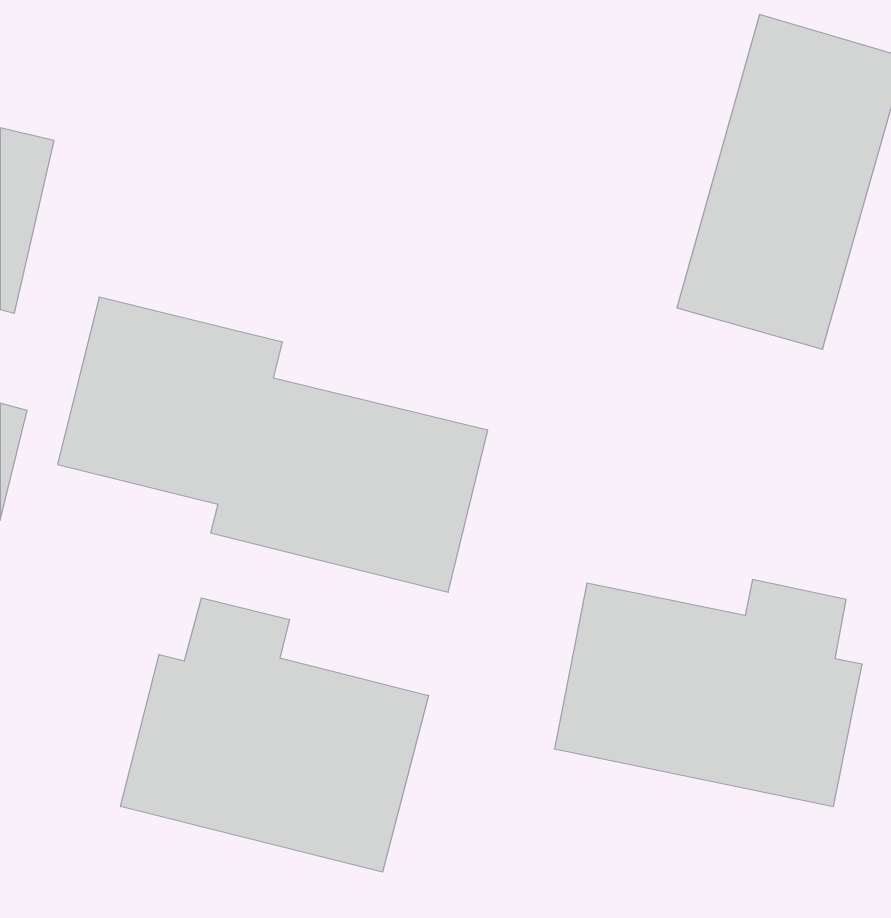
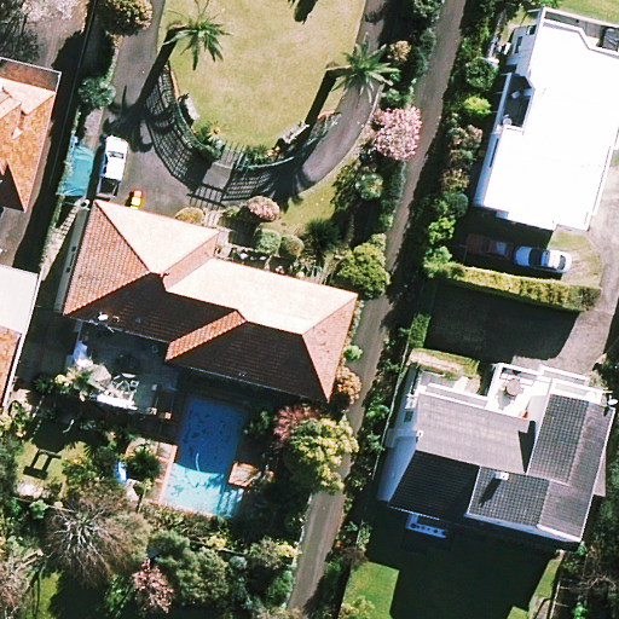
building: [121,598,428,872] -> none

